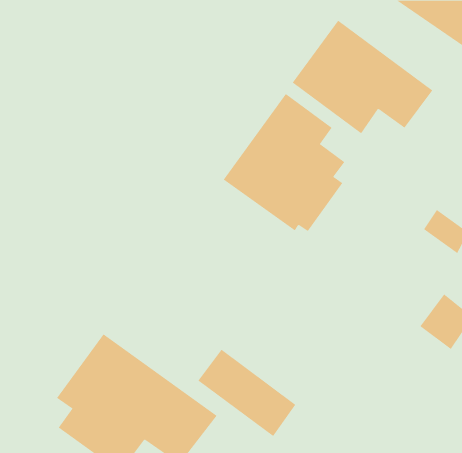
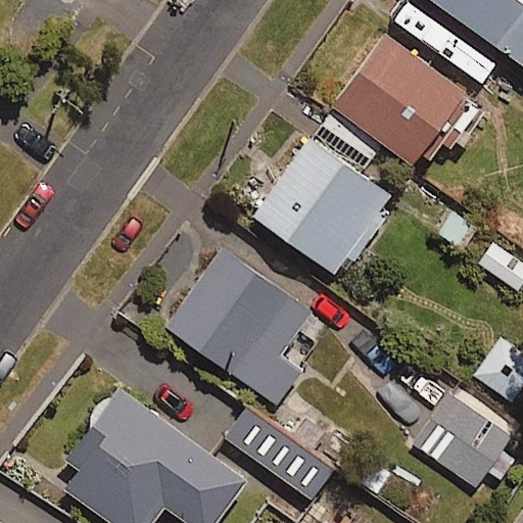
building: none -> [162,240,313,406]
building: none -> [411,396,511,492]

